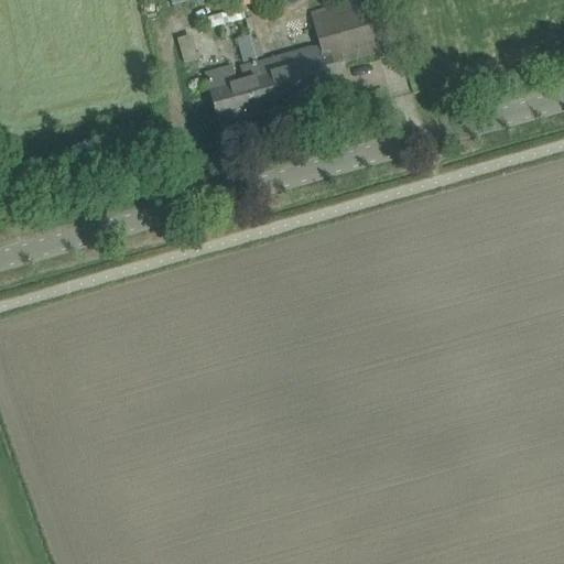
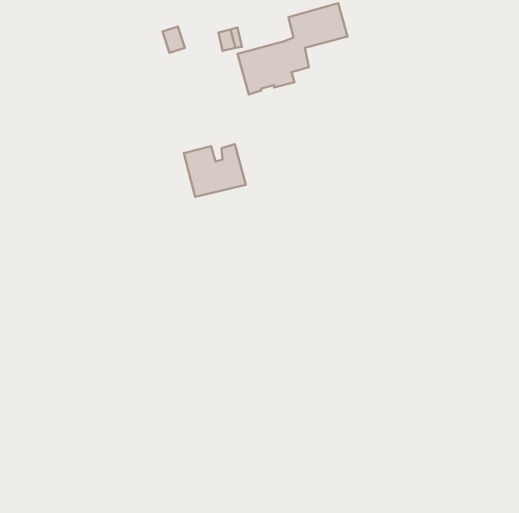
building: [203,58,270,116] -> [184,144,246,197]

